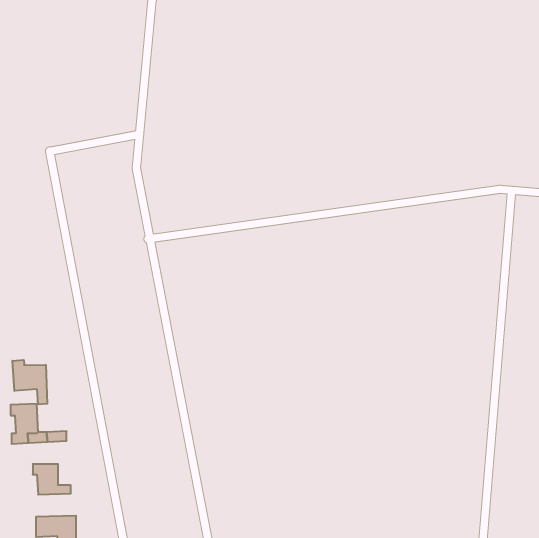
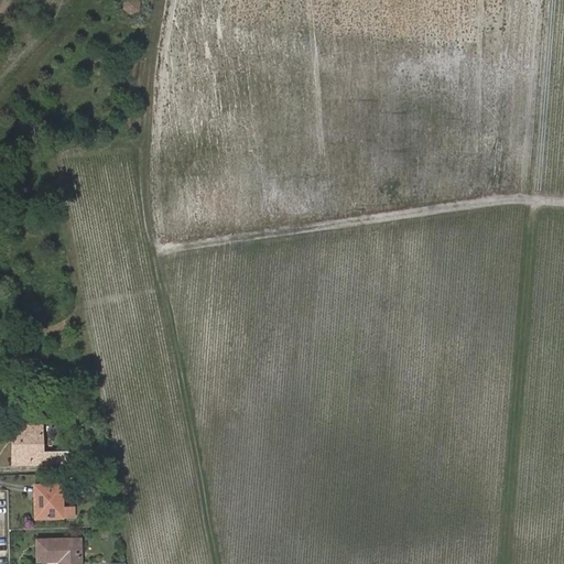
building: [12,360,47,404] -> none

